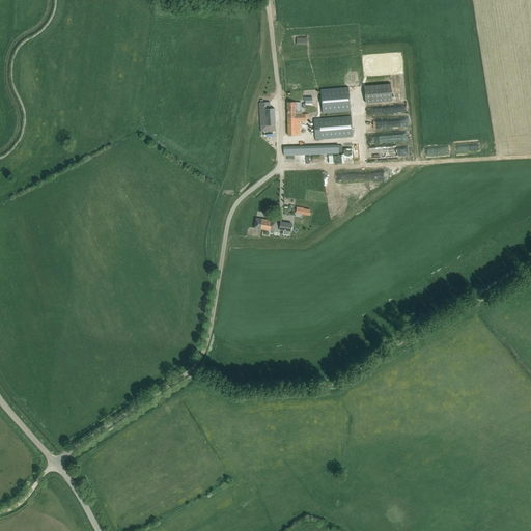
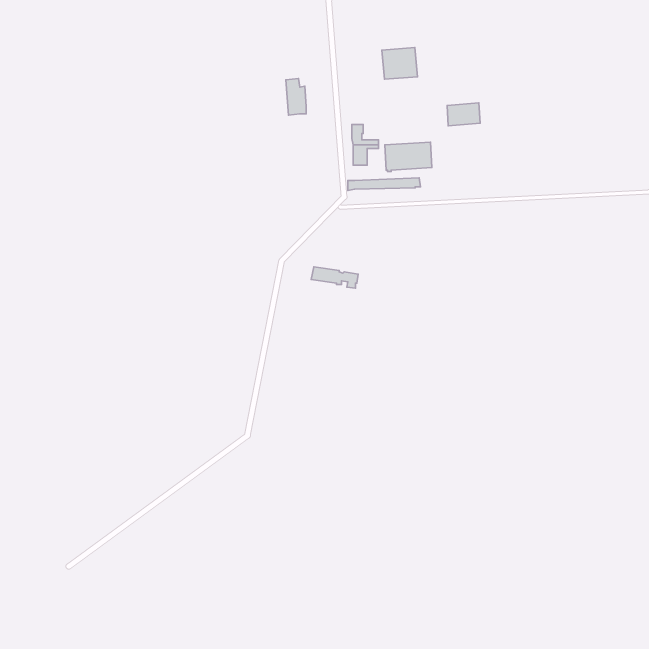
building: [322,87,351,113] -> [382,48,417,79]
building: [259,102,276,132] -> [286,78,306,115]

